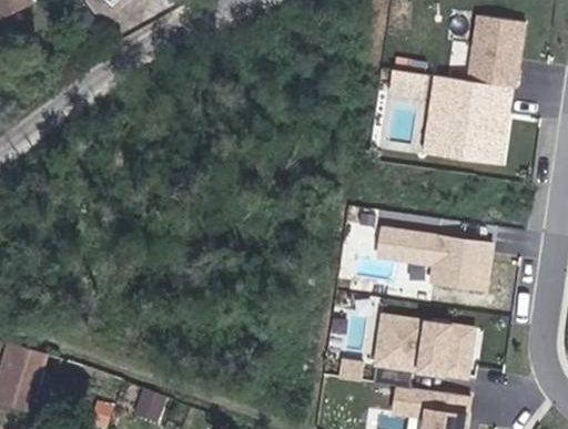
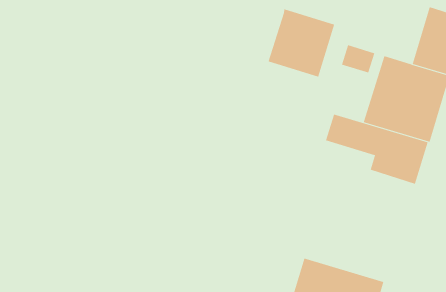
building: none -> [268,9,335,78]
building: [377,228,491,292] -> [325,114,429,184]

